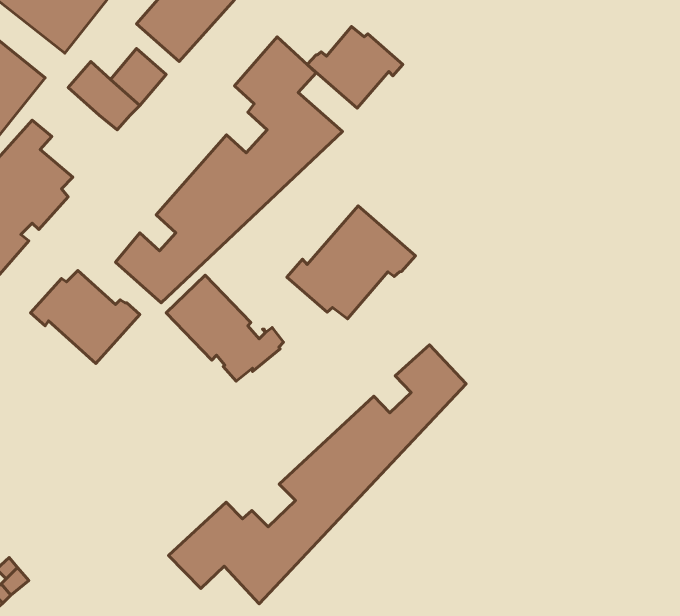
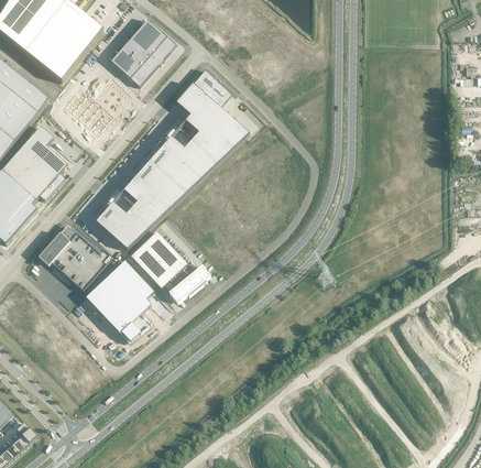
building: [307,27,403,108] -> none
building: [287,206,416,319] -> none
building: none -> [84,260,153,341]
building: [168,345,466,604] -> none

